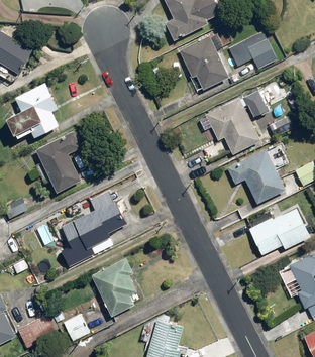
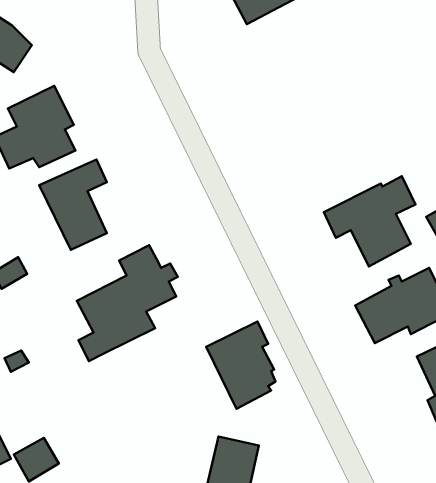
building: [228,32,276,69] -> none
building: [179,35,228,89] -> none
building: [242,89,269,116] -> none
building: [204,97,293,153] -> none
building: [92,258,138,317] -> [206,321,276,409]
building: [63,314,90,342] -> none

